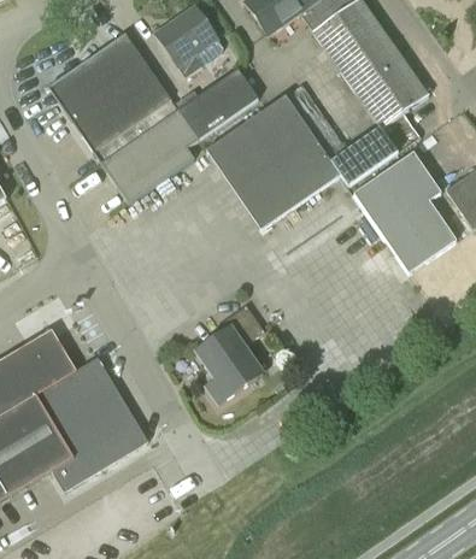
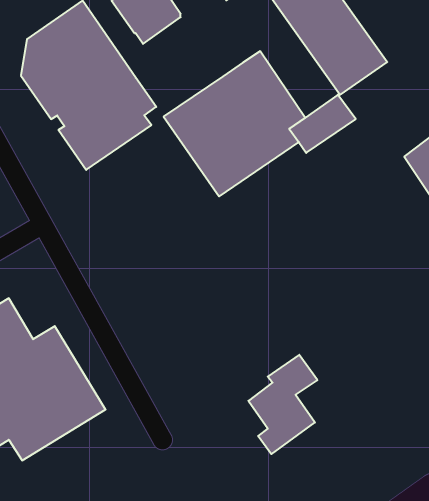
building: [177,67,257,139] -> none
building: [352,151,456,271] -> none
building: [195,304,264,402] -> [248,355,317,454]

